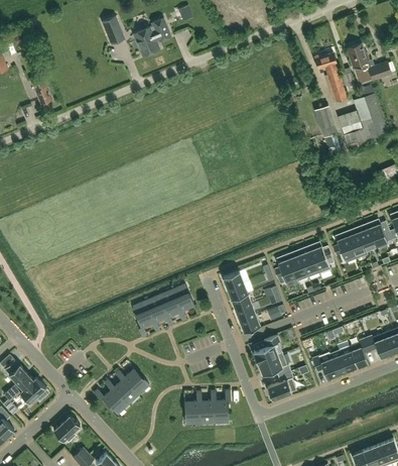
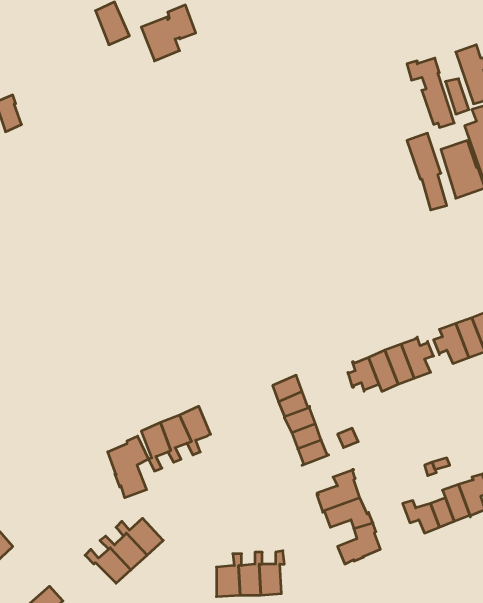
building: [172,285,194,319] -> none
building: none -> [108,436,149,498]

